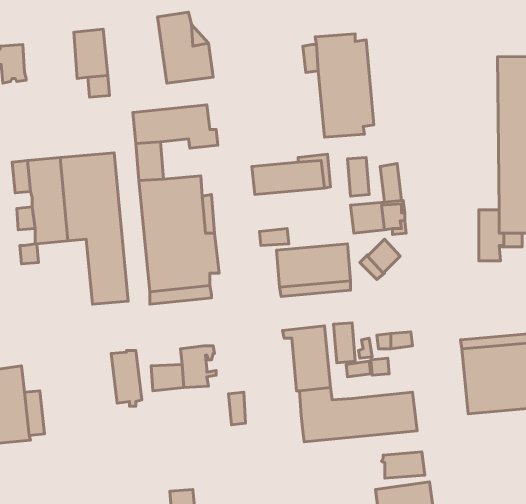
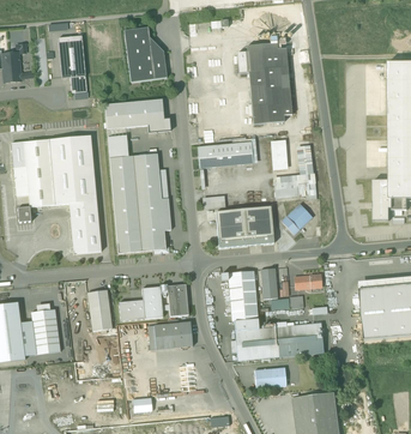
building: none -> [167,283,188,315]
building: none -> [31,308,60,354]
building: none -> [153,323,181,349]
building: [382,452,425,478] -> [253,367,286,387]

